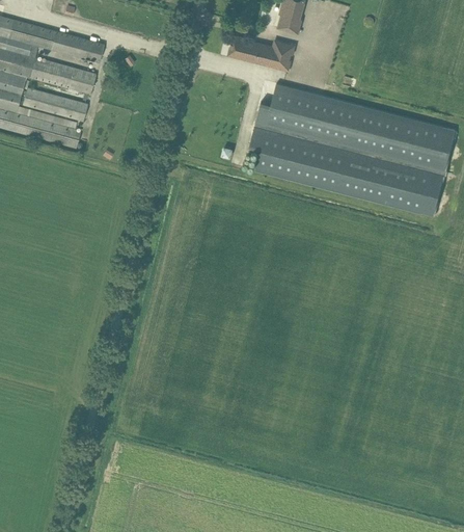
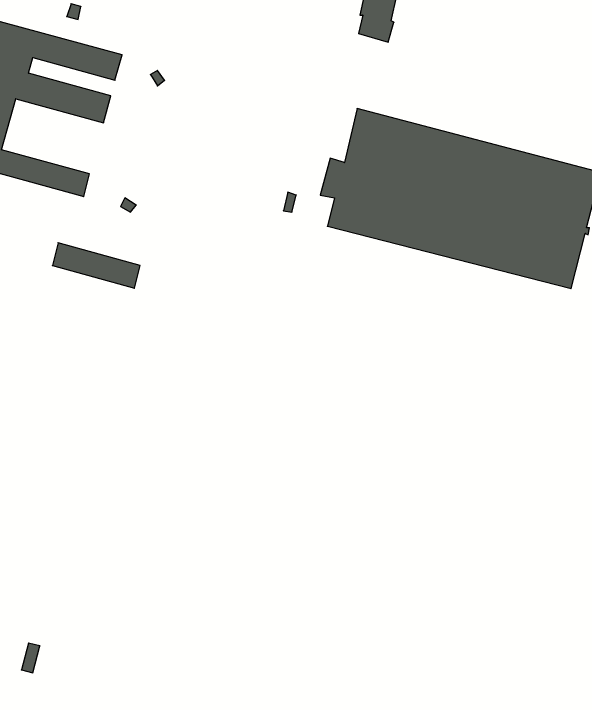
building: [228,36,295,72] -> none
building: [23,88,87,122] -> [52,243,140,288]

